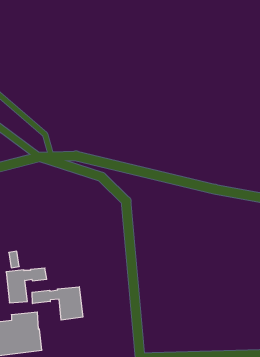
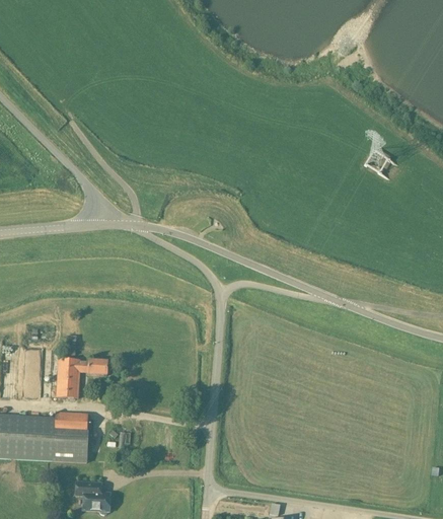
building: [32,287,83,320] -> none

